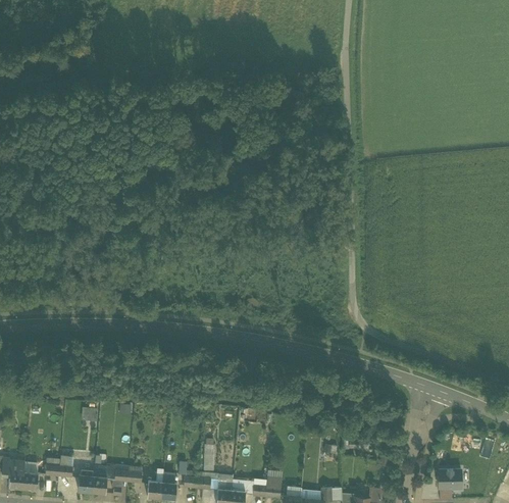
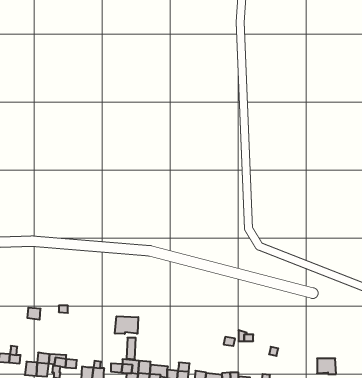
building: none -> [115,316,138,334]

